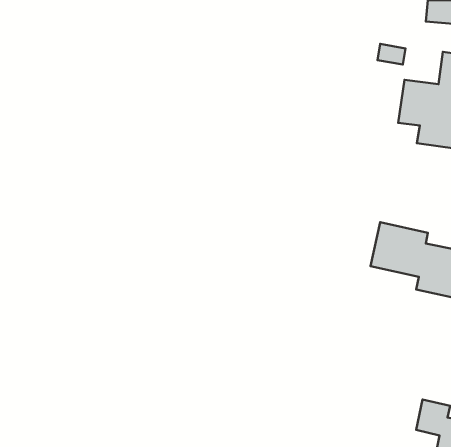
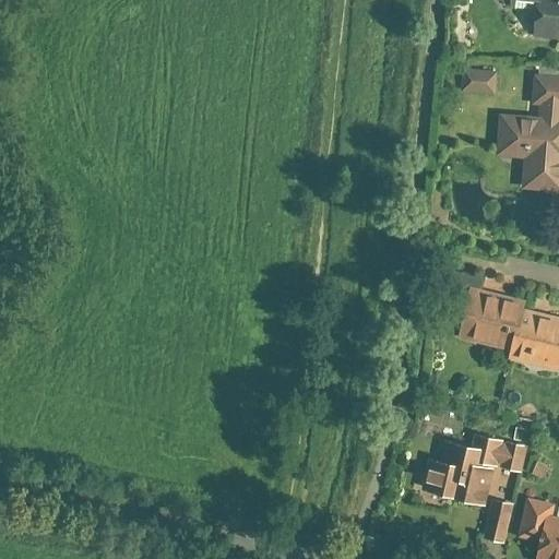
building: none -> [418,429,532,544]

